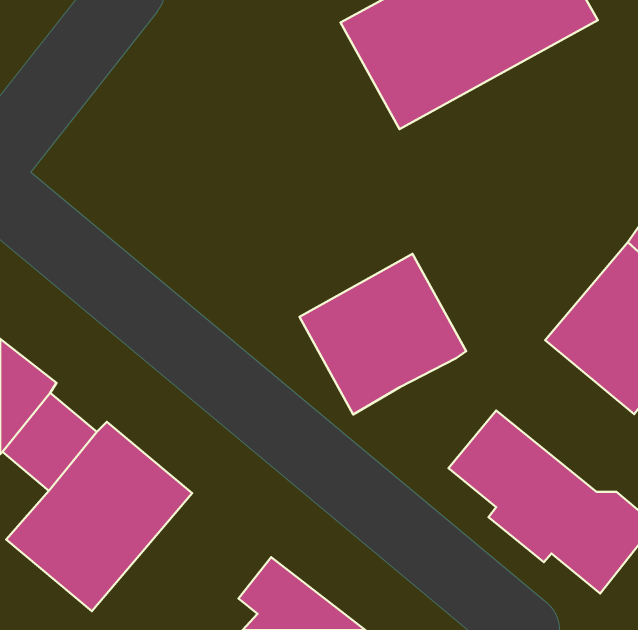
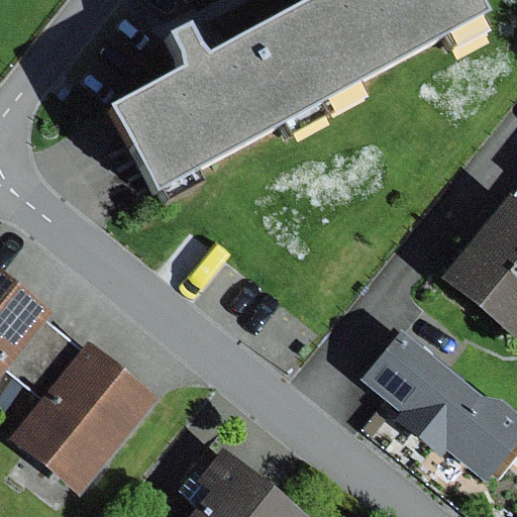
building: none -> [105,18,324,198]
building: [300,254,466,414] -> none

